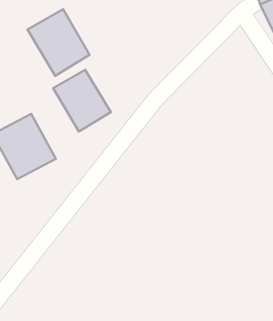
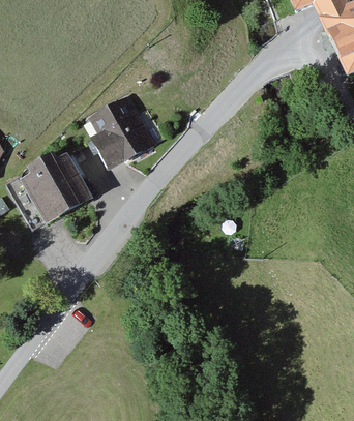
building: [28,9,90,76] -> none

